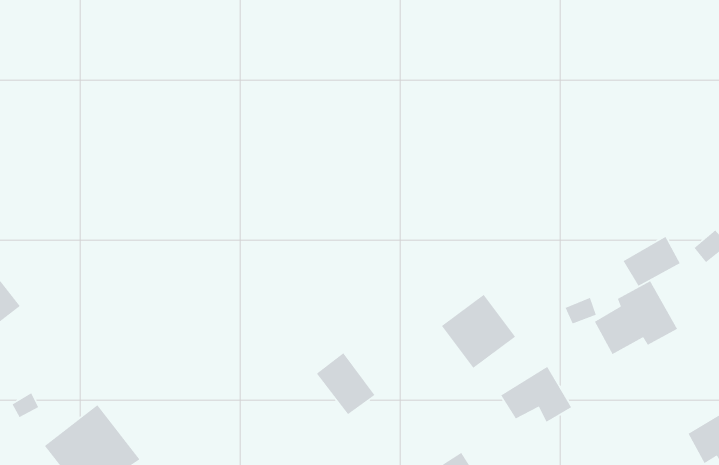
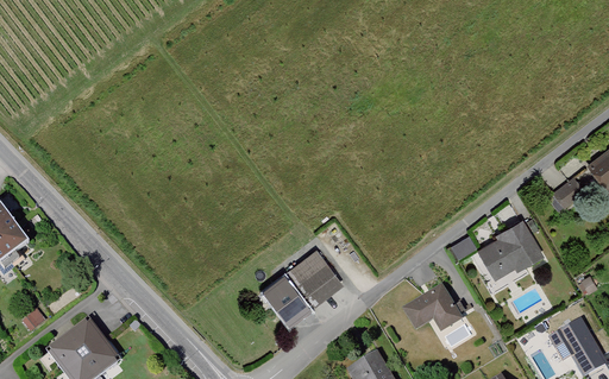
building: [622,236,681,287] -> none
building: [441,294,516,369] -> [282,251,340,309]

